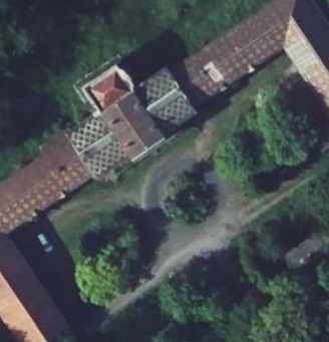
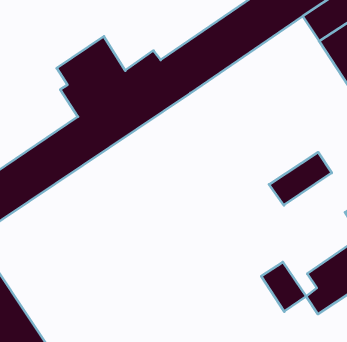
building: none -> [269,152,332,205]
building: none -> [261,262,306,312]

